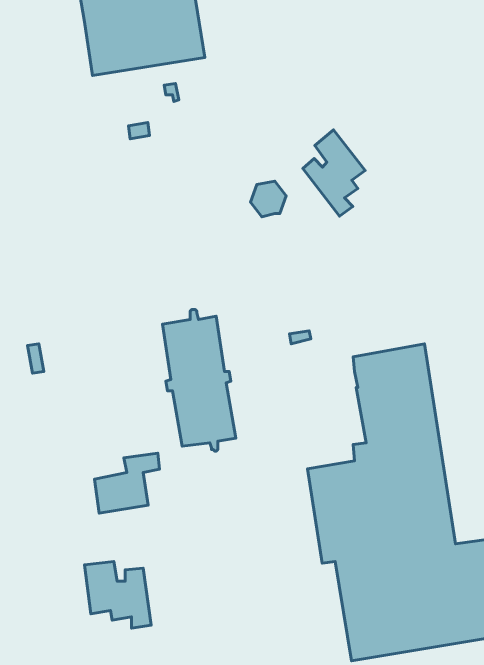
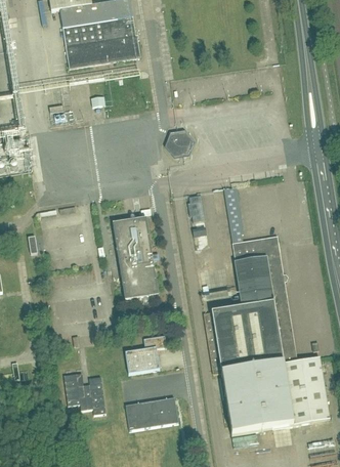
building: [303,130,365,216] -> none
building: [94,453,160,513] -> [125,335,166,373]
building: none -> [125,396,178,429]

